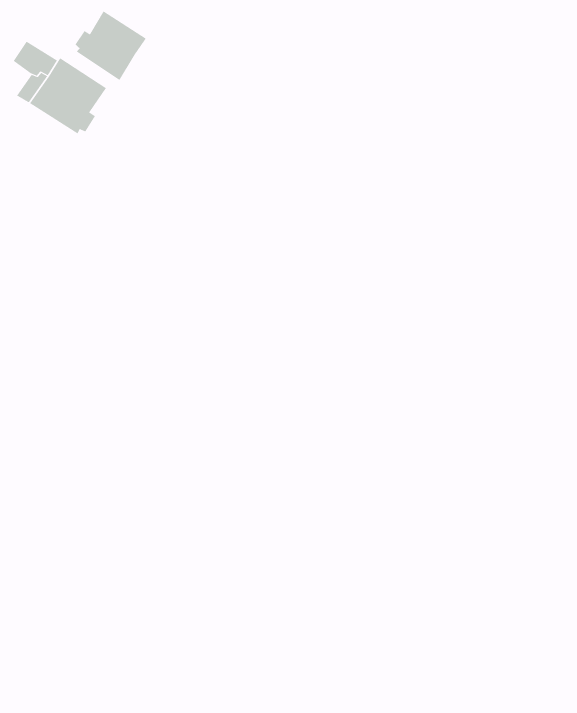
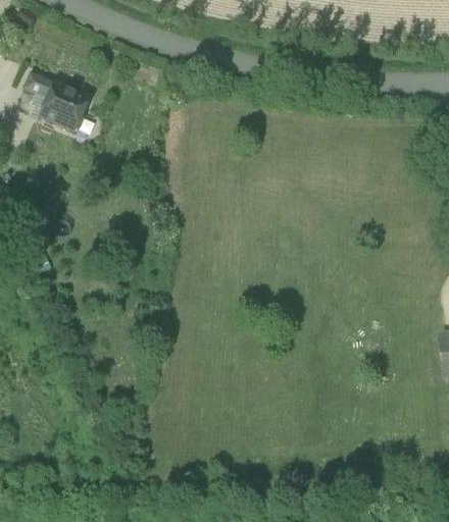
building: [75,10,146,81] -> none

